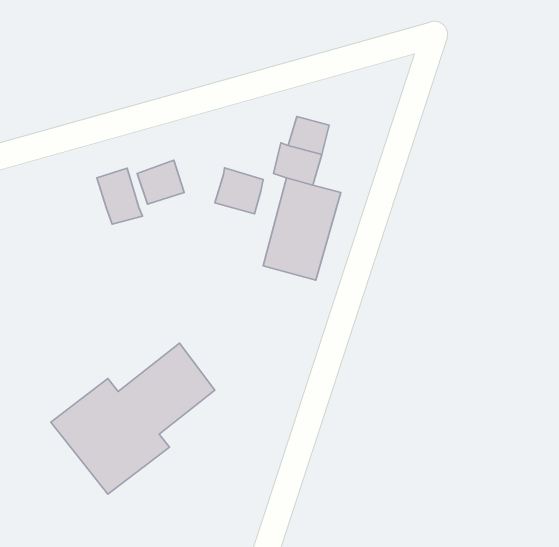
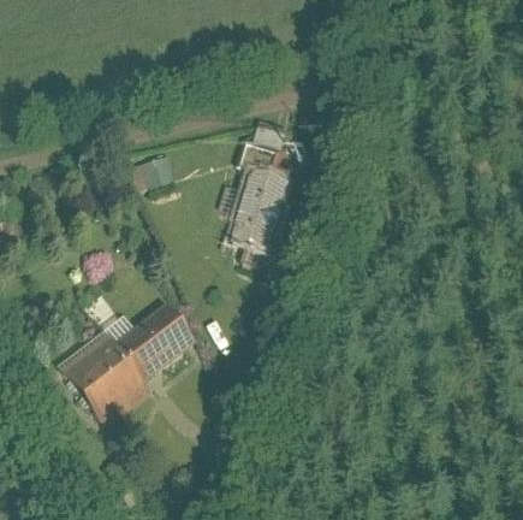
building: [215,168,263,214] -> none
building: [97,168,142,224] -> none

